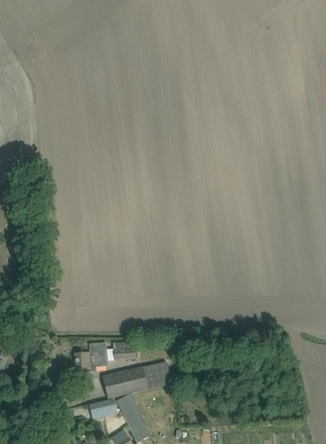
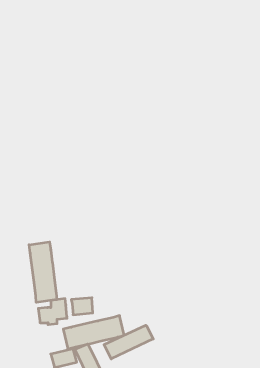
building: none -> [29,242,57,302]
building: none -> [104,325,153,359]

